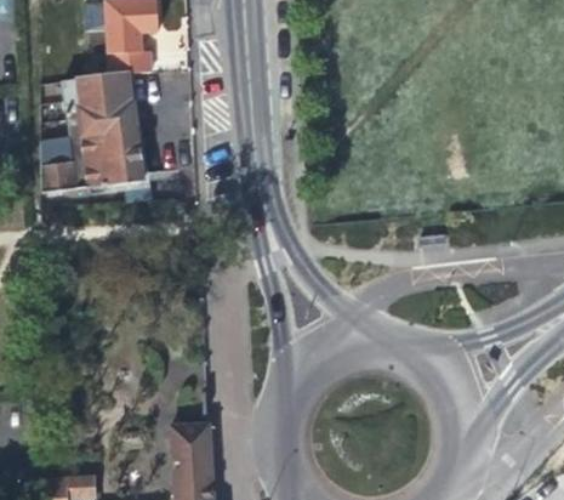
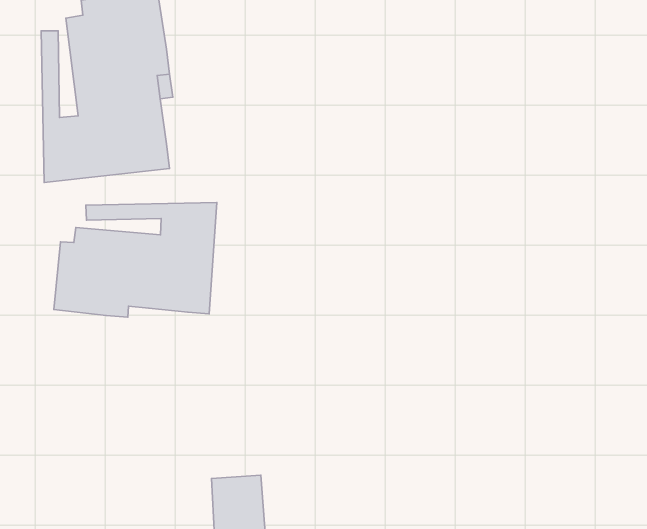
building: none -> [54,202,217,317]

